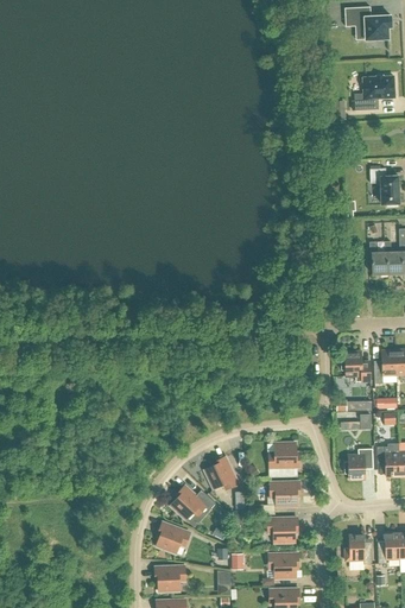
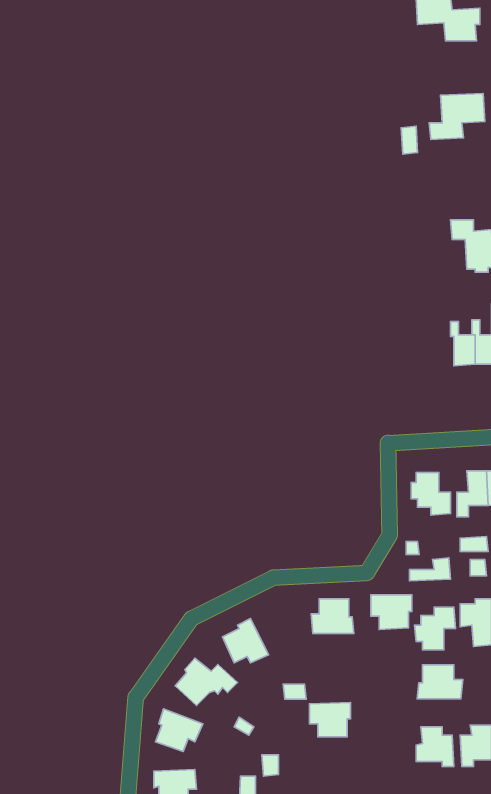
building: [270,481,299,506] -> [371,595,412,629]
building: none -> [417,665,463,699]
building: [268,552,298,577] -> none

